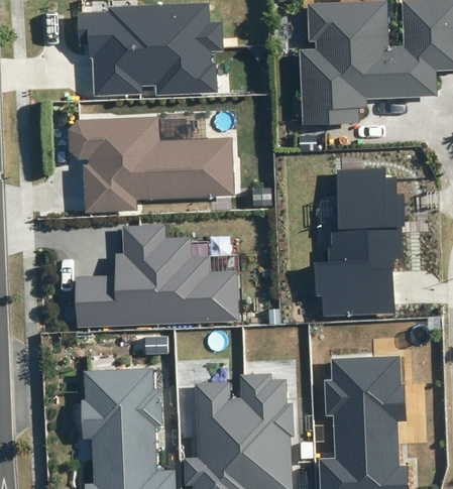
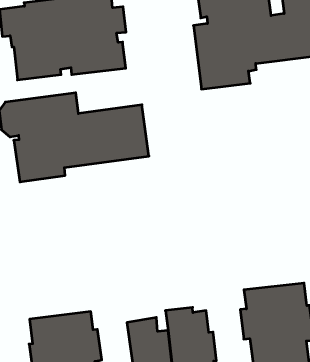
building: [315,168,406,317] -> none
building: [78,224,238,326] -> none

